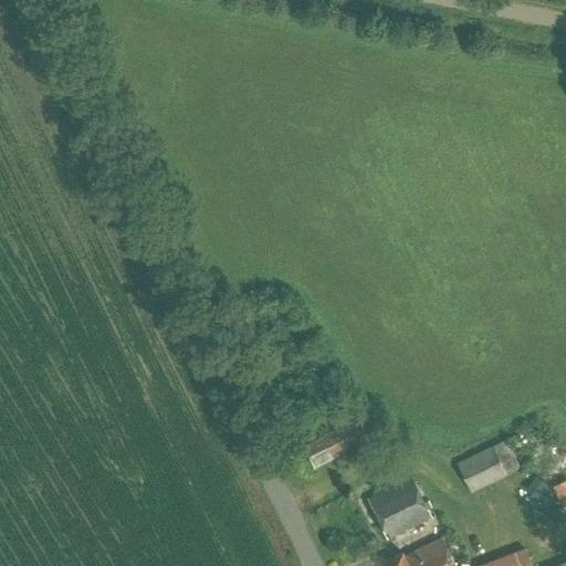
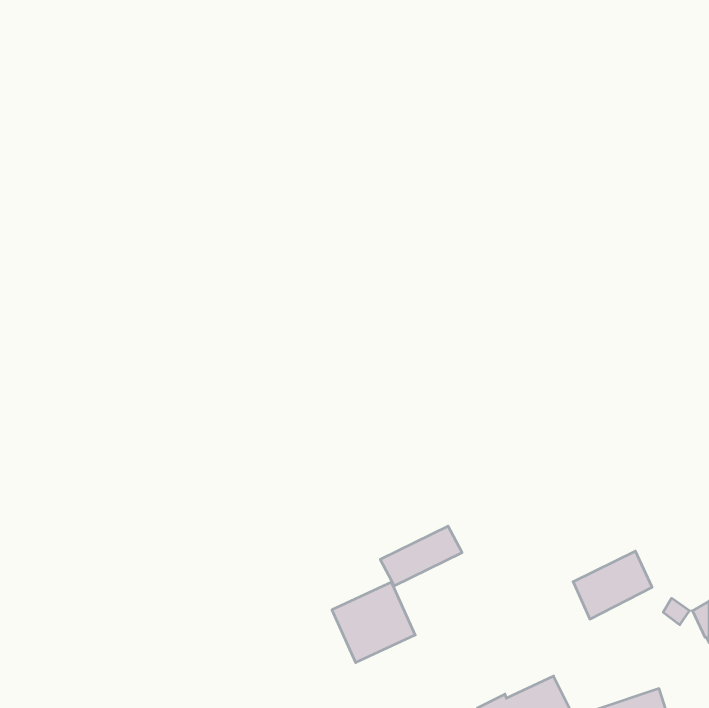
building: [366,478,432,542] -> [332,582,415,663]

